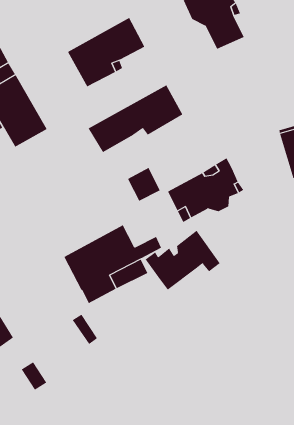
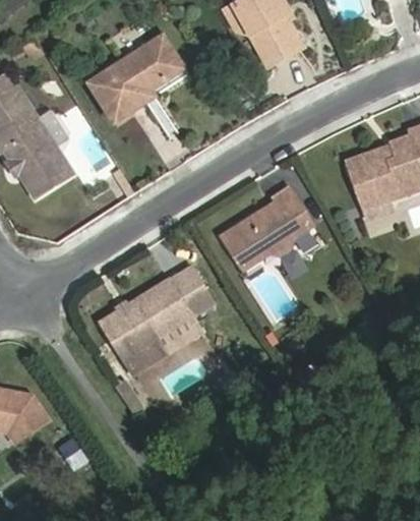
building: [88,84,183,153] -> none
building: [127,167,160,201] -> [169,263,208,303]
building: [145,230,221,290] -> none

